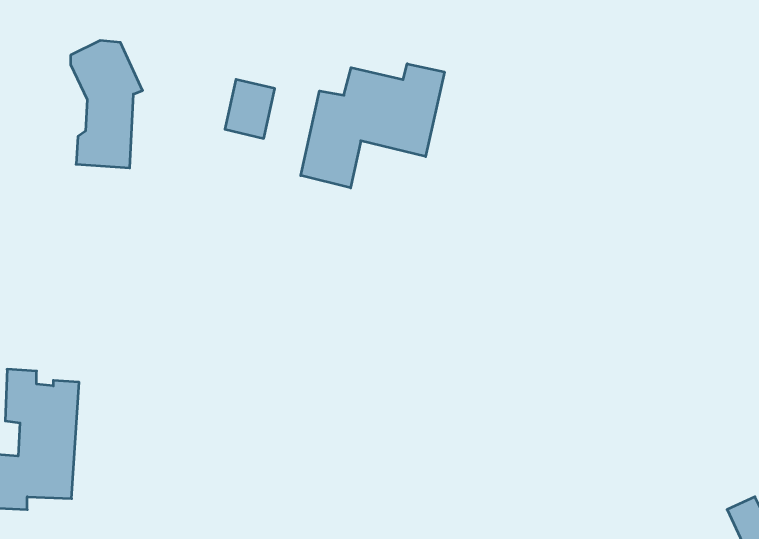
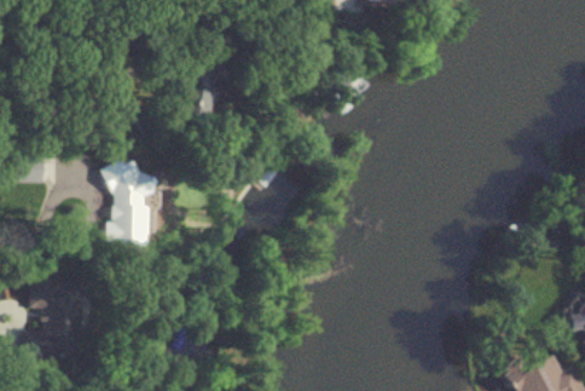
building: [71,41,143,168] -> [104,162,151,246]
building: [301,64,444,188] -> none

